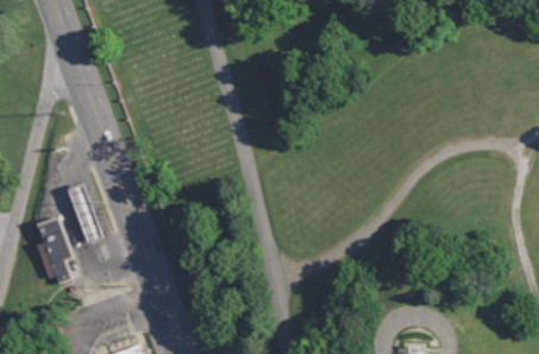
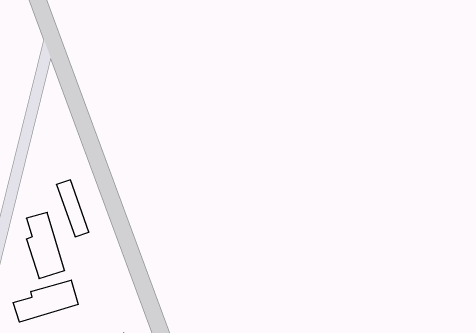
building: none -> [13,280,78,322]

